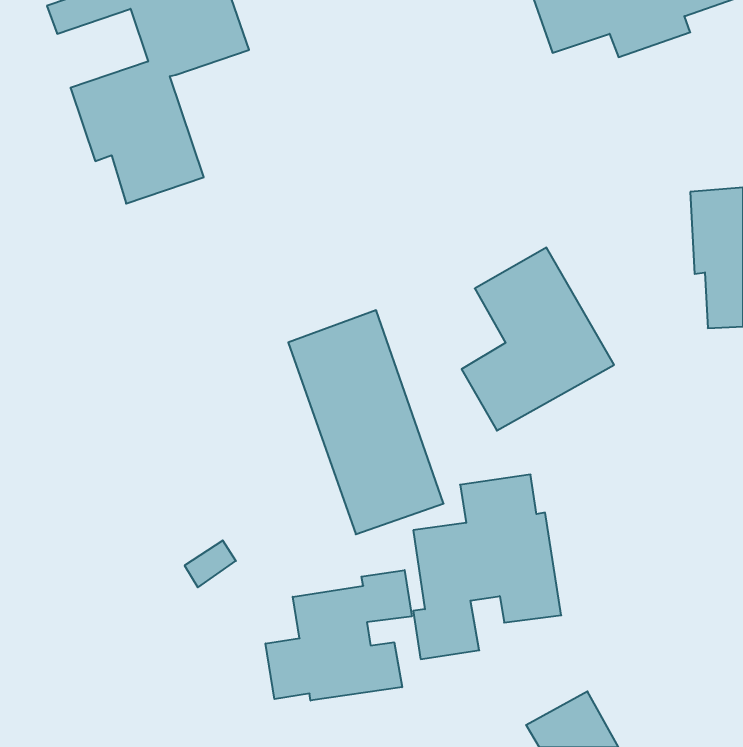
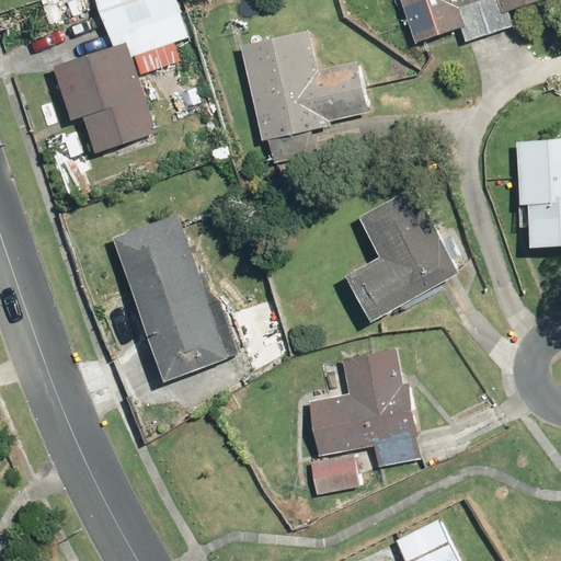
building: none -> [241,32,367,140]
building: [288,310,444,534] -> [114,215,230,382]
building: [266,570,412,701] -> none

